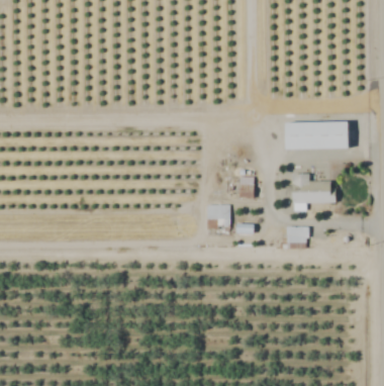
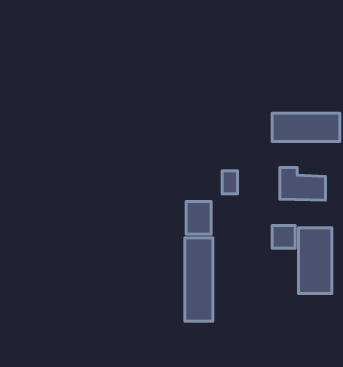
building: none -> [299,228,332,294]
building: none -> [185,238,213,321]

